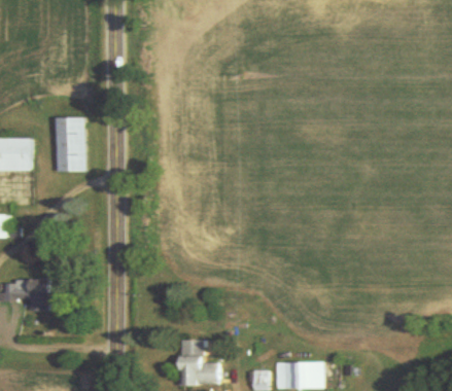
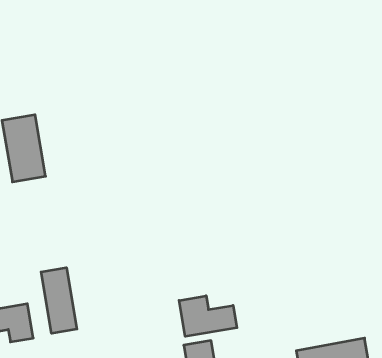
building: none -> [41,268,77,333]
building: none -> [179,296,237,336]

